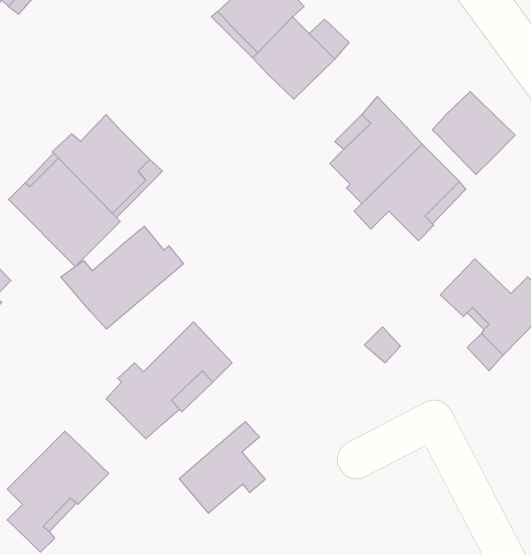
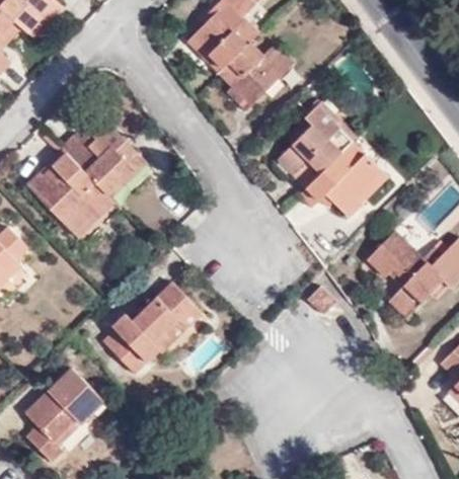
building: [432,92,515,175] -> none
building: [61,226,184,329] -> none
building: [179,421,265,513] -> none

